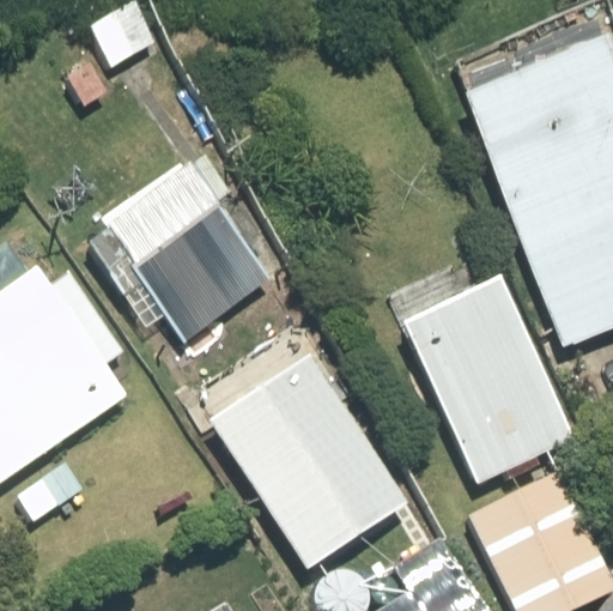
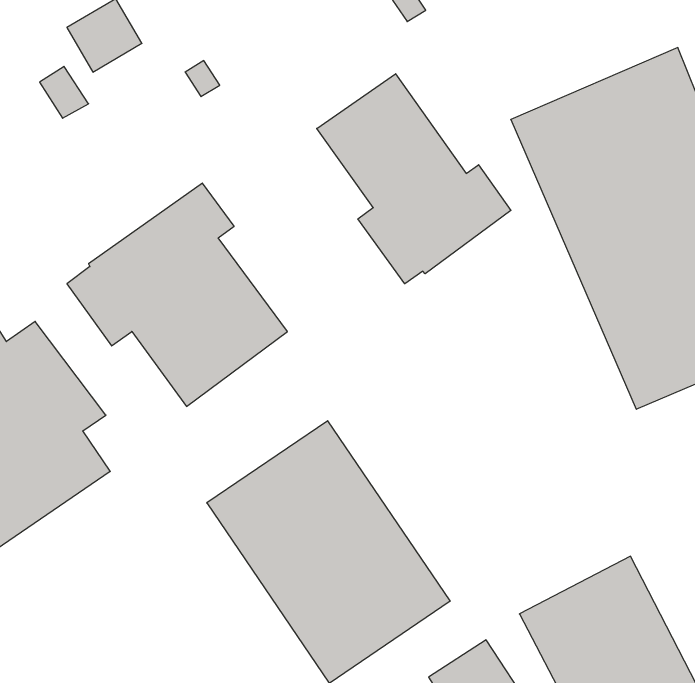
building: none -> [317,74,511,284]
building: [399,278,572,483] -> none

